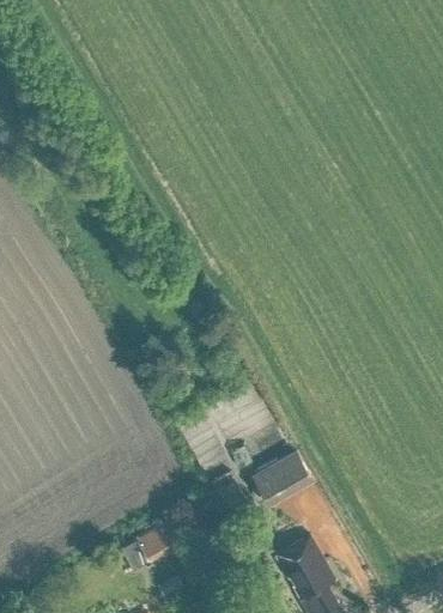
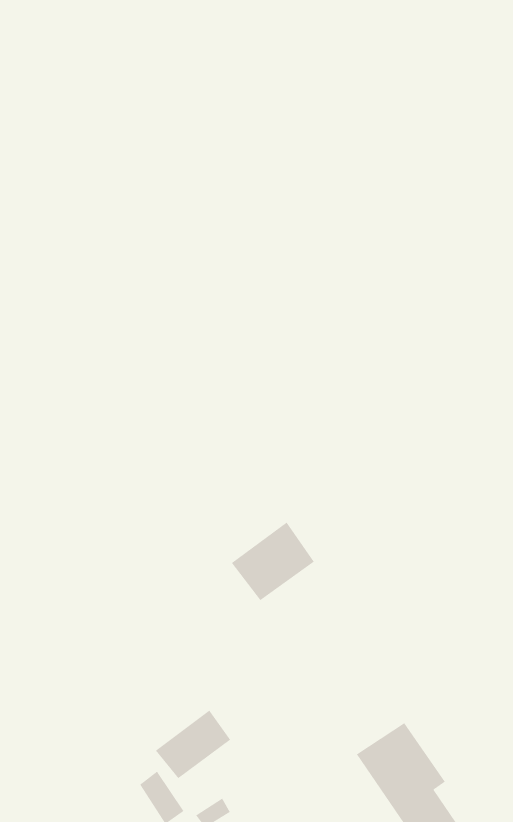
building: [251,451,310,505] -> [231,521,315,601]

